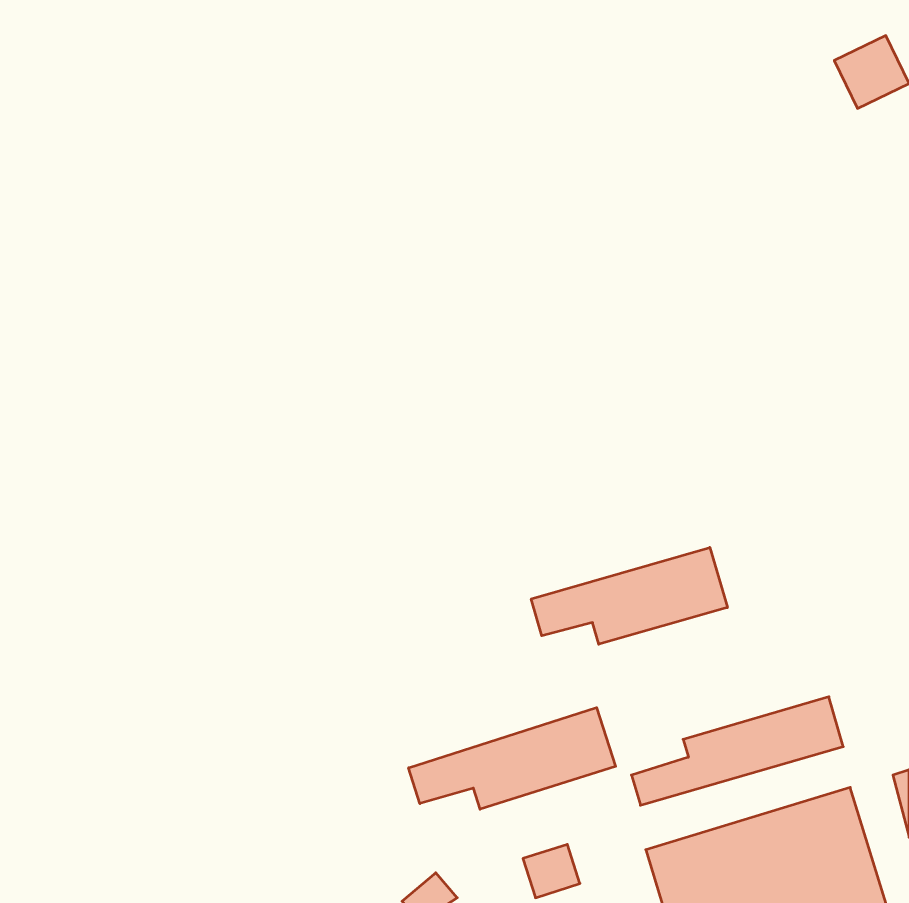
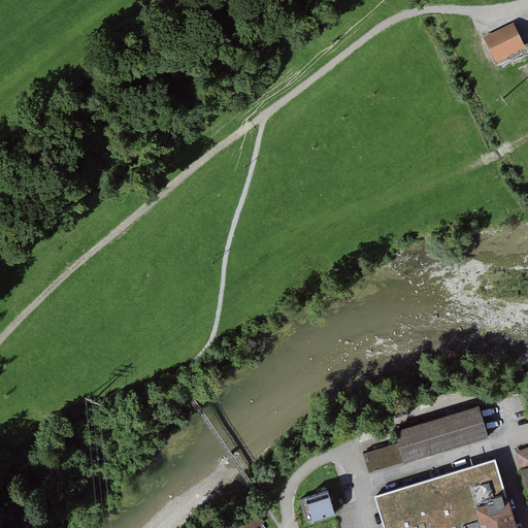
building: [531,547,727,644] -> none
building: [409,708,616,809] -> none

